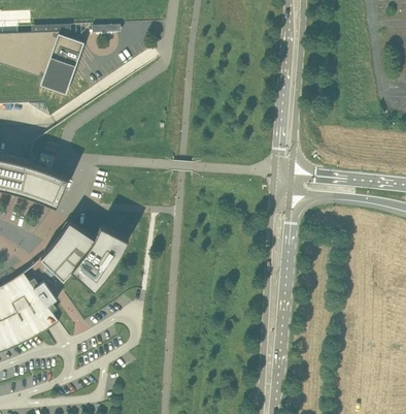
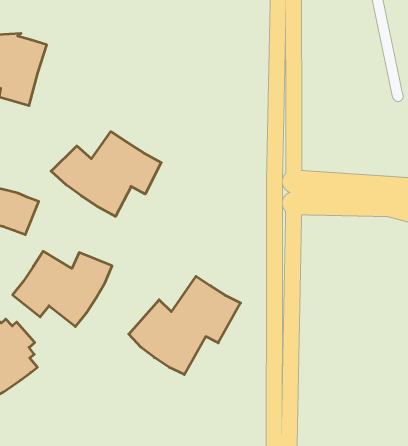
building: none -> [51,132,161,216]
building: none -> [129,276,241,375]

